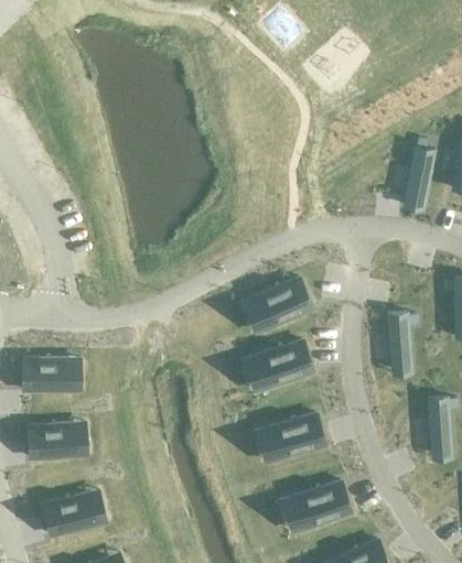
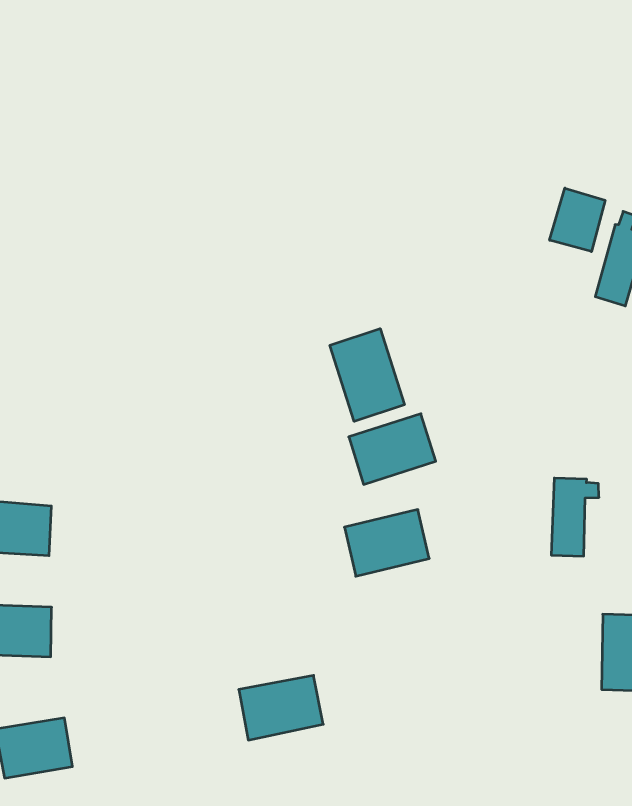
building: none -> [550,188,605,252]
building: none -> [330,329,404,421]
building: [268,414,324,459] -> [239,675,323,740]
building: [293,481,351,529] -> none

